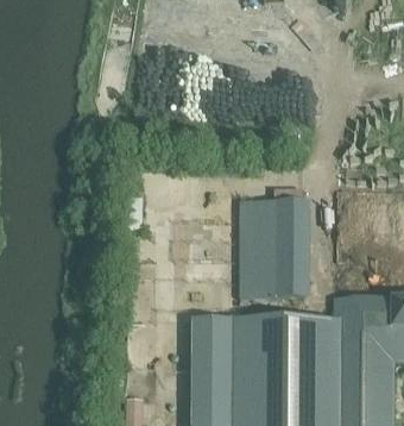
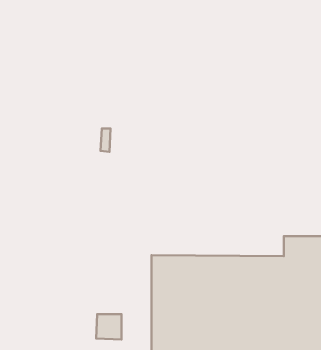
building: [240,196,303,294] -> none

